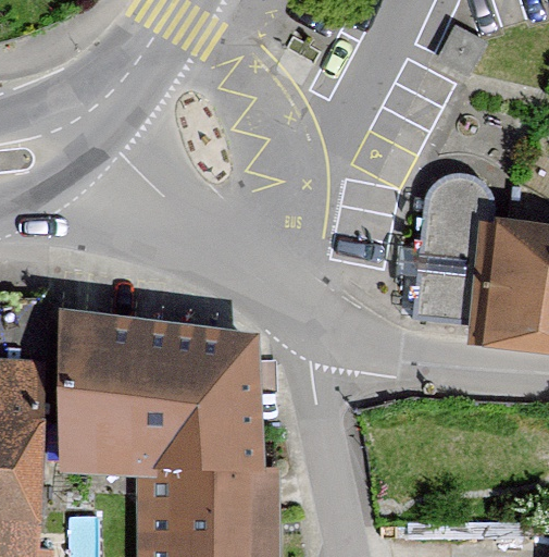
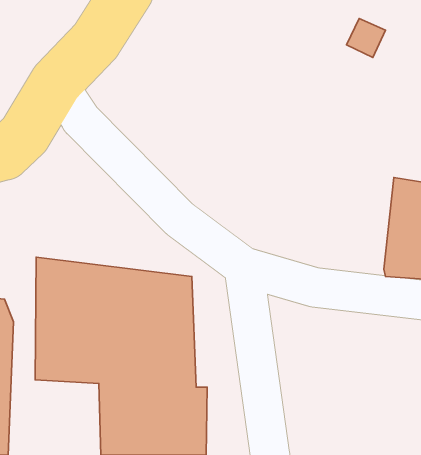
building: [414,172,494,329] -> none

